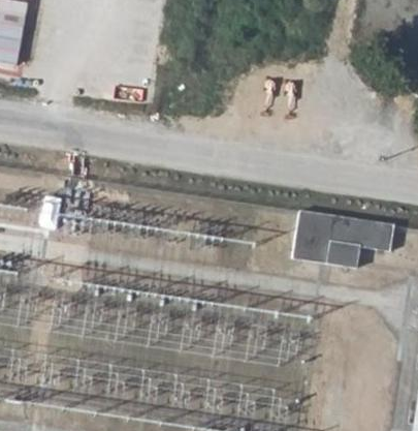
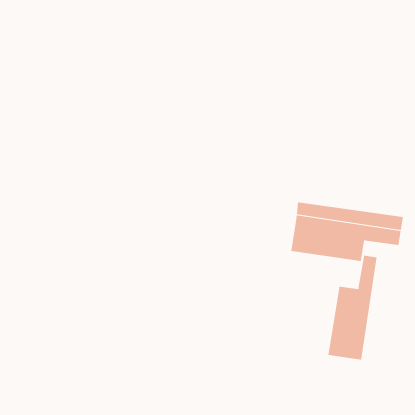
building: none -> [328,255,377,361]

